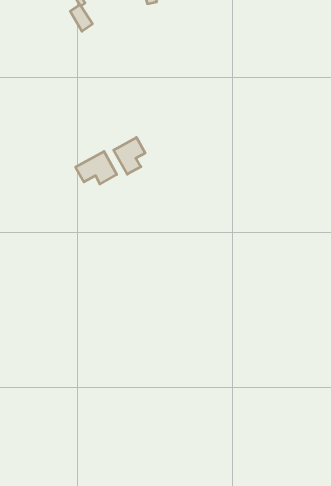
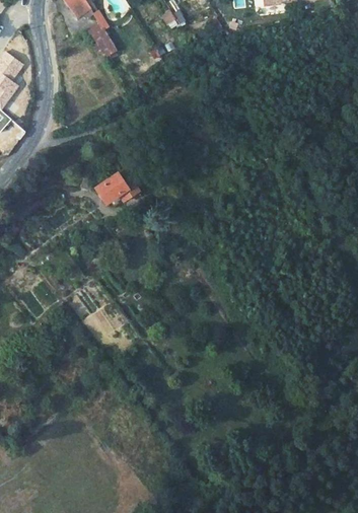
building: [114,137,145,174] -> none

